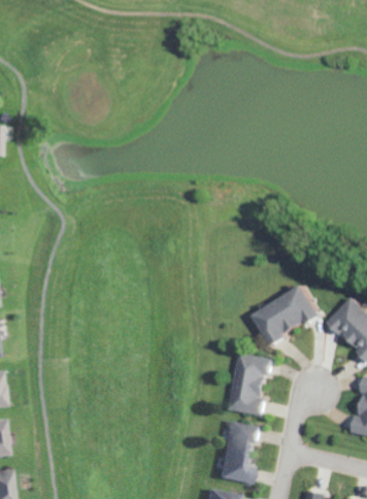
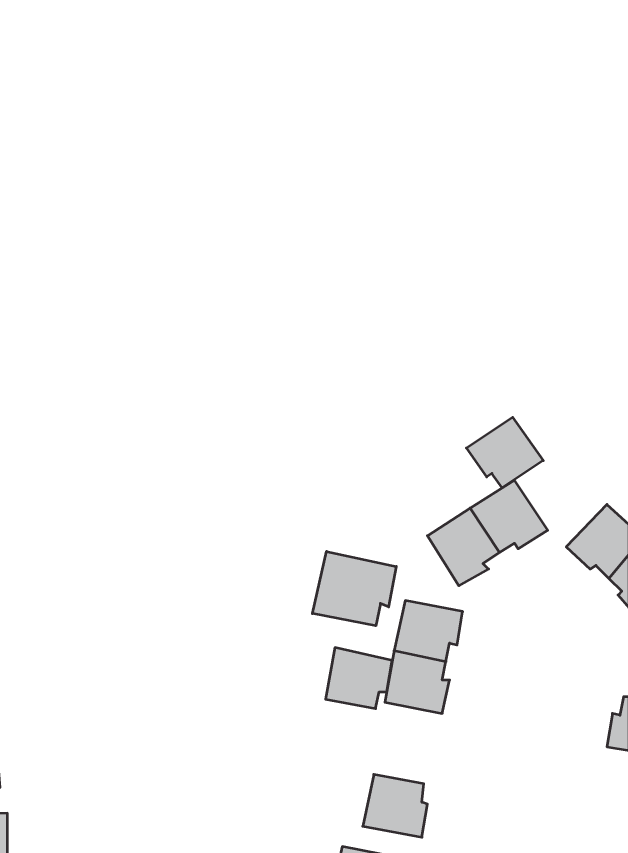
building: none -> [466,417,543,488]
building: none -> [312,551,396,626]
building: [221,420,258,454] -> [326,648,392,709]

